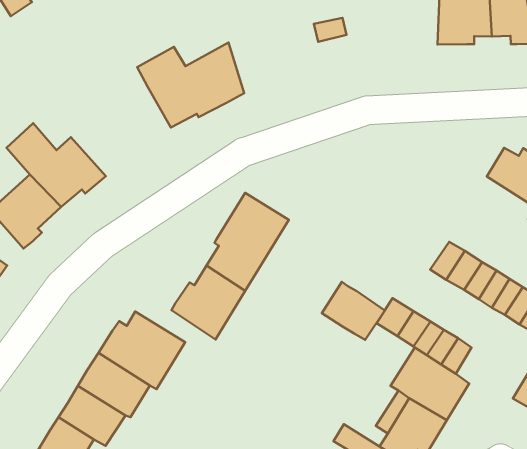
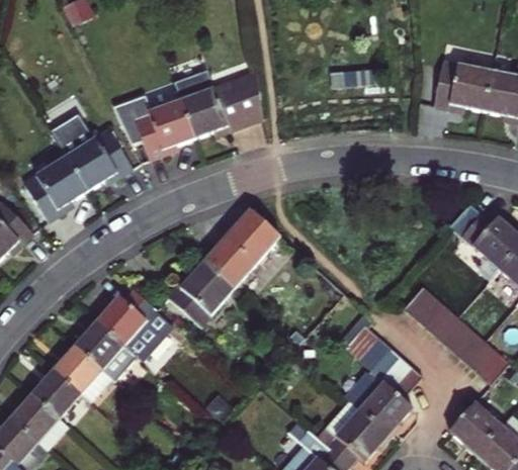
building: none -> [108,97,192,162]
building: [322,282,385,340] -> none

